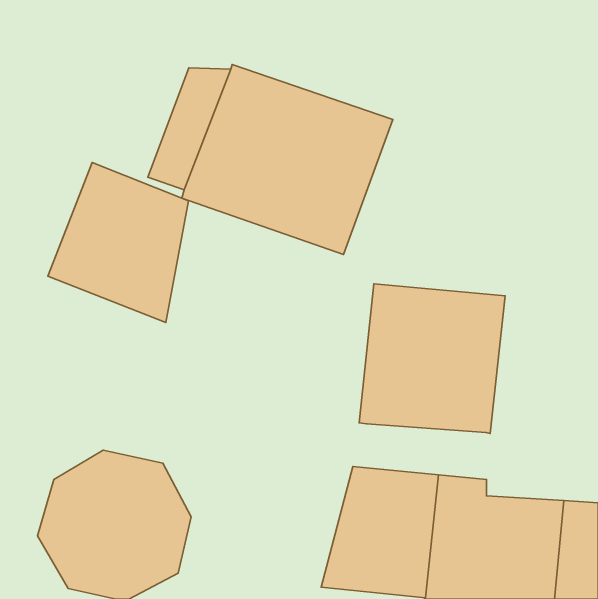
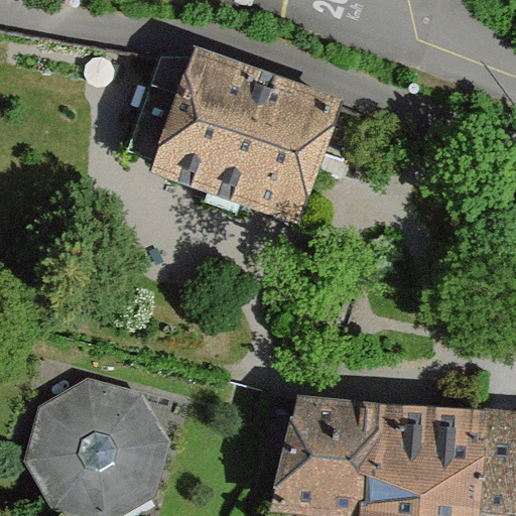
building: [48,163,189,322] -> none
building: [359,284,505,433] -> none

